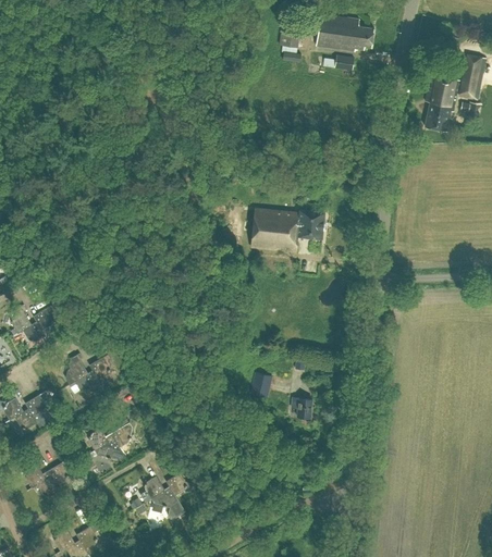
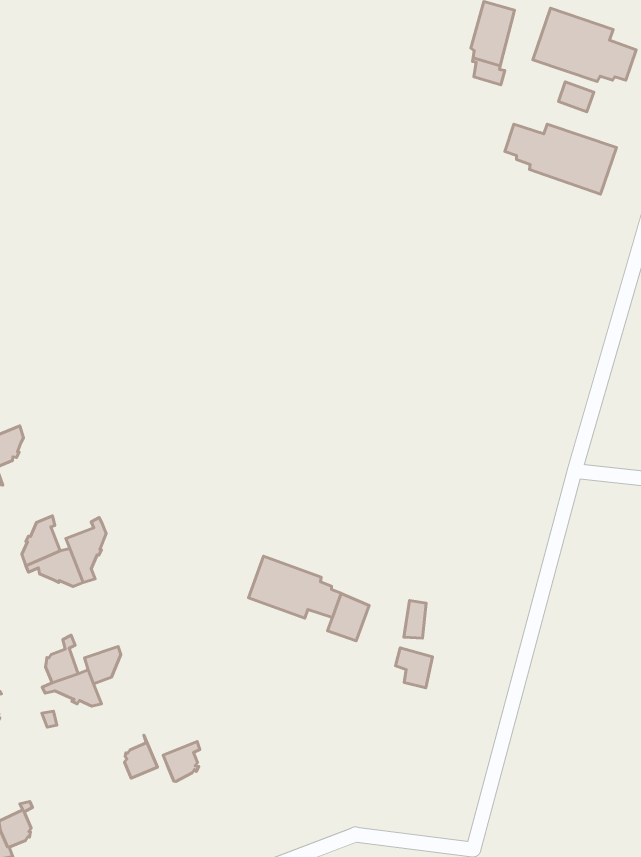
building: none -> [505,124,616,194]
building: [251,209,324,252] -> none
building: none -> [248,556,341,618]
building: [145,487,185,518] -> none

